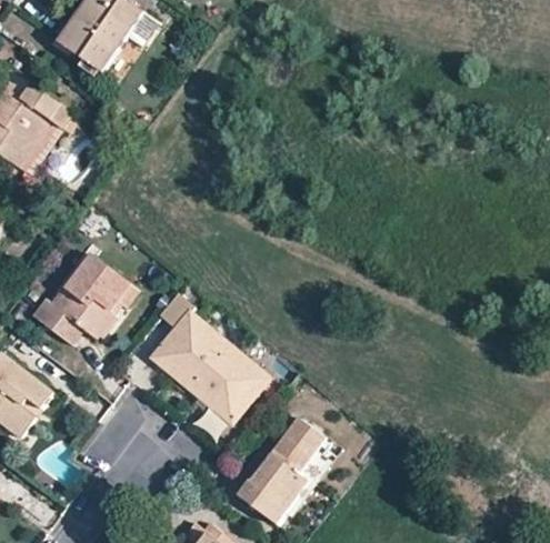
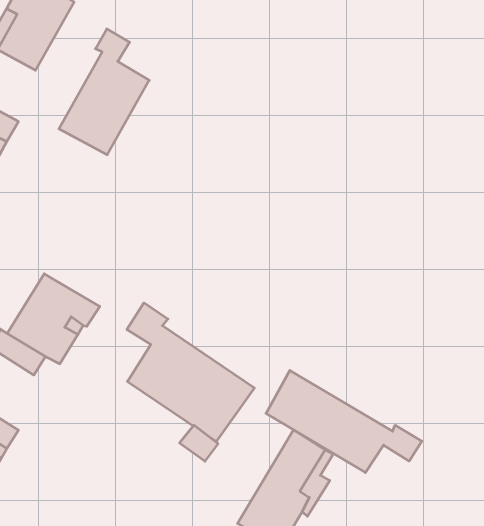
building: none -> [59,29,149,155]
building: none -> [266,370,422,473]

